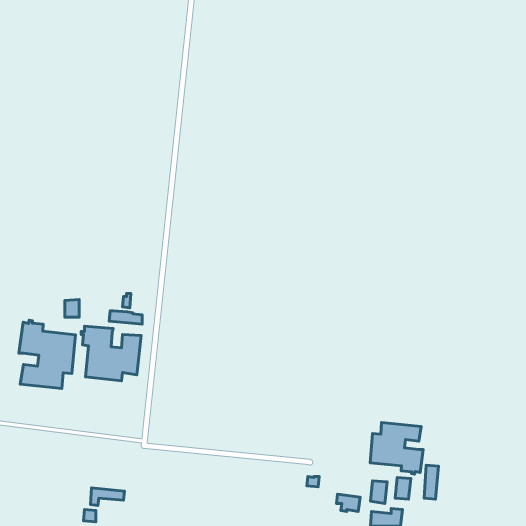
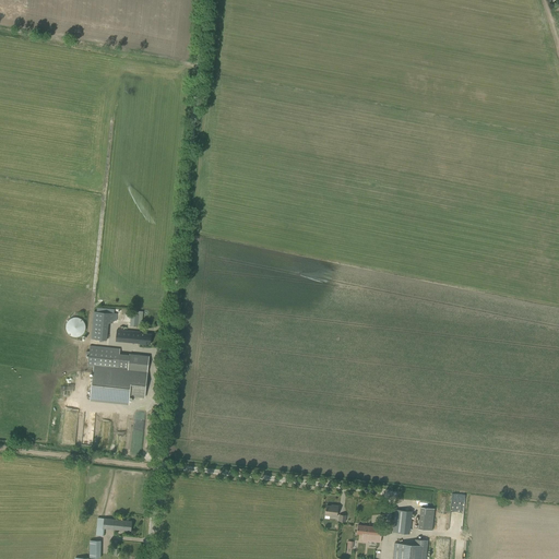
building: none -> [92,312,117,341]
building: [19,320,76,389] -> none
building: [370,423,423,474] -> none

